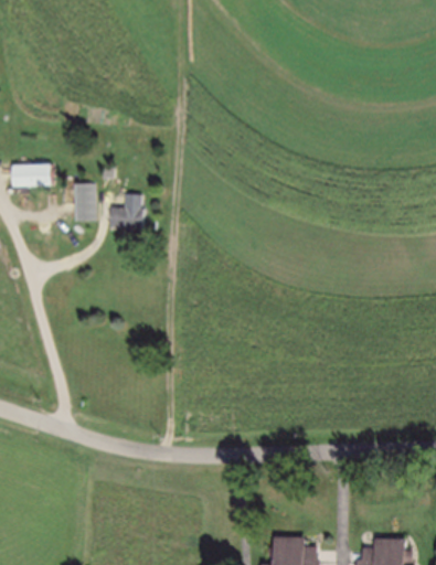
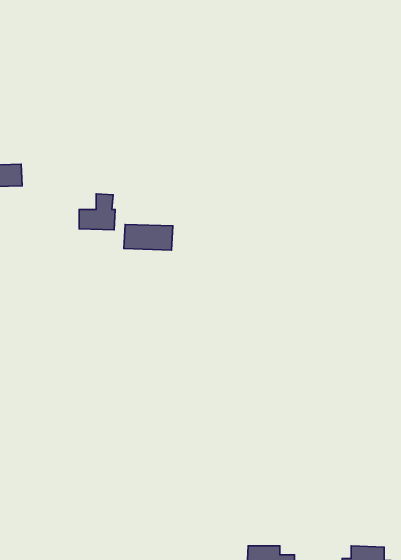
building: [72,184,96,222] -> none
building: none -> [124,224,173,250]

